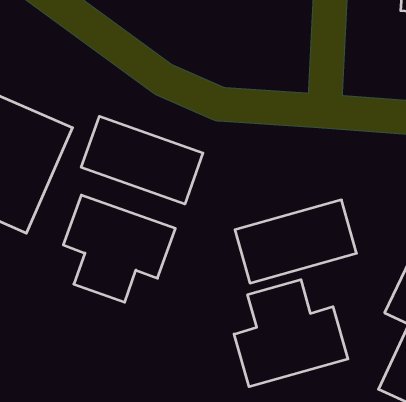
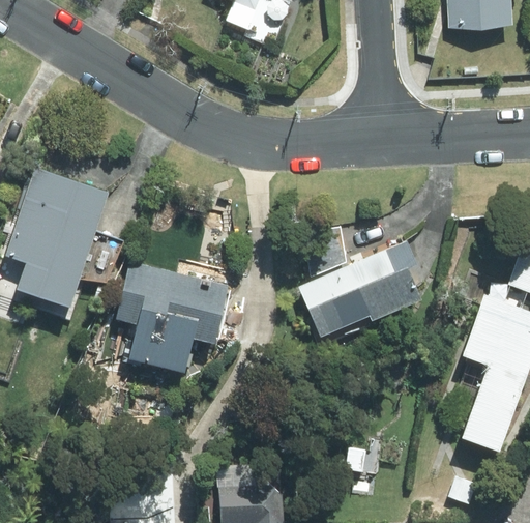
building: [81,116,203,204] -> none
building: [234,280,348,387] -> none

